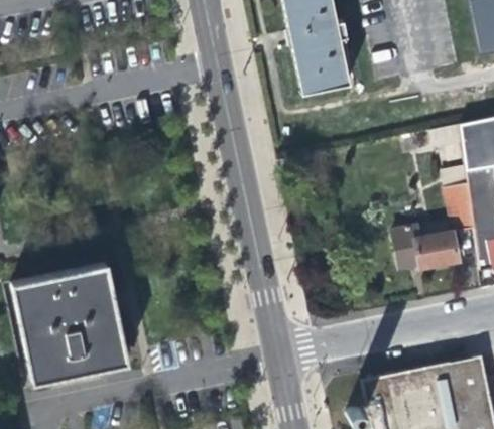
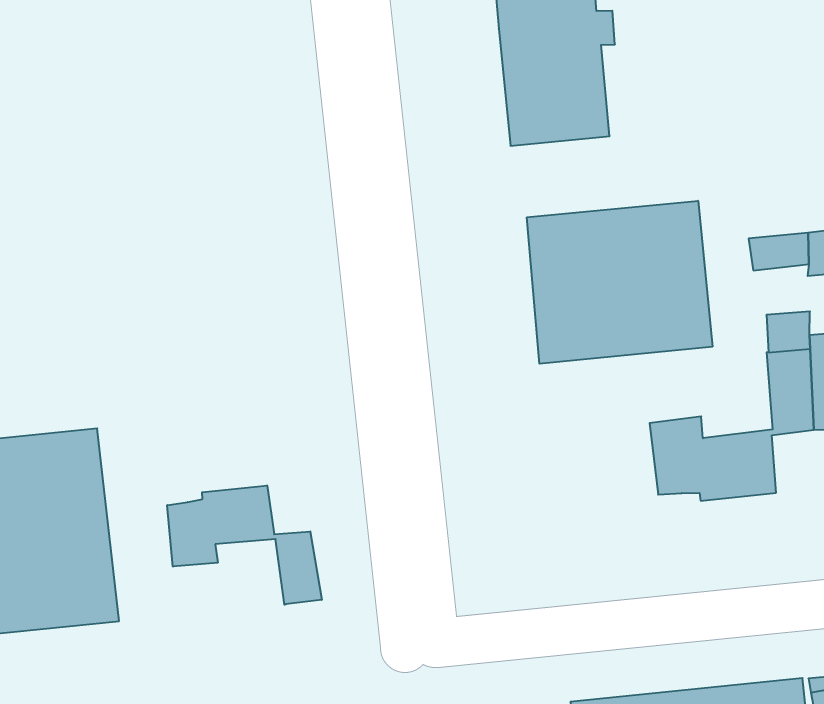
building: none -> [527,201,712,364]
building: none -> [167,485,322,605]

